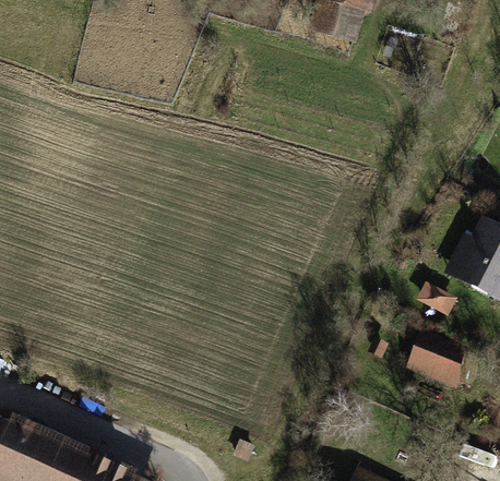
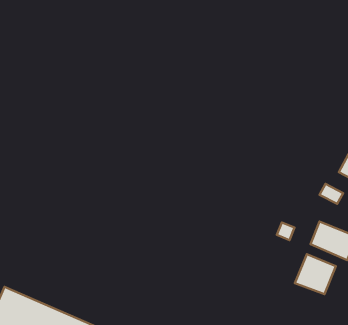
building: none -> [295,254,336,294]

